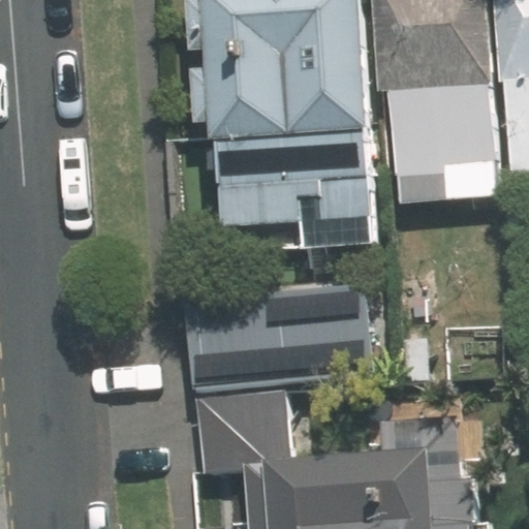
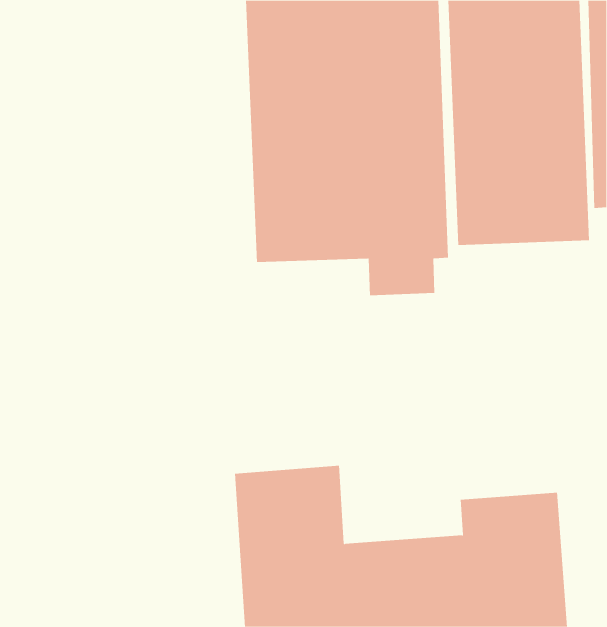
building: [182,277,376,387] -> none

